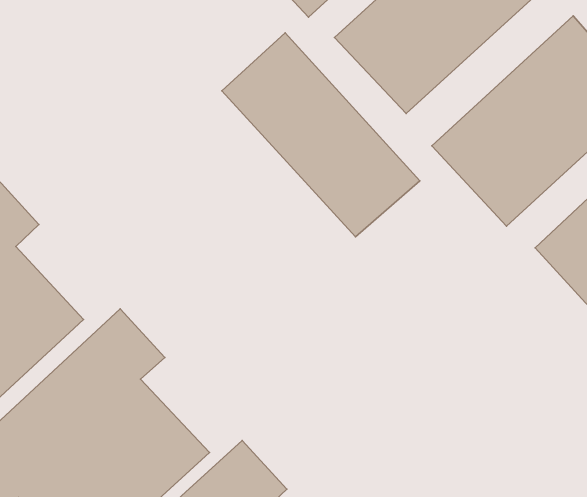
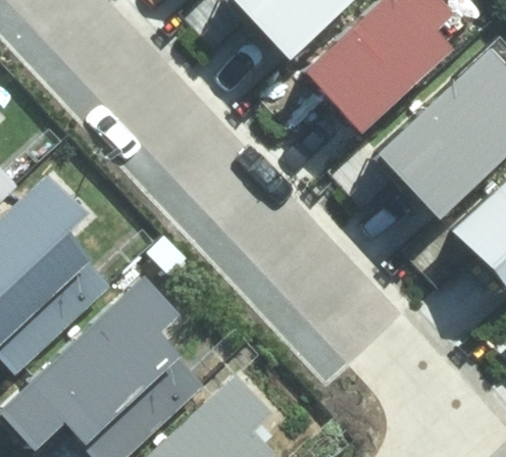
building: [222,33,420,237] -> none

